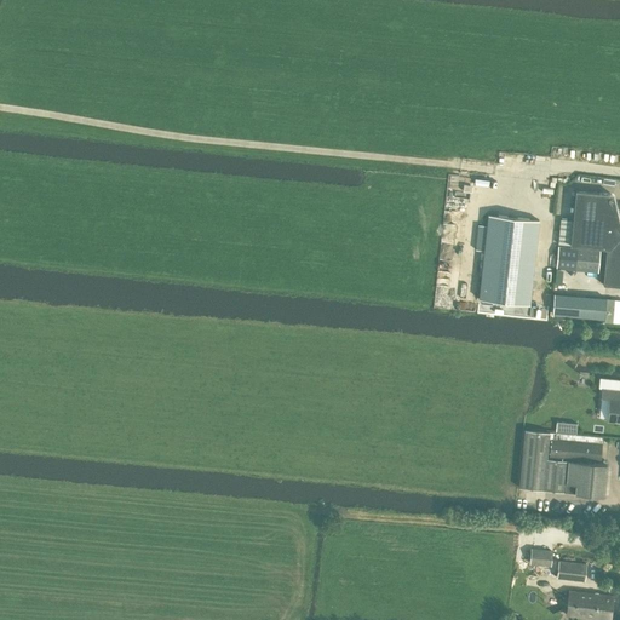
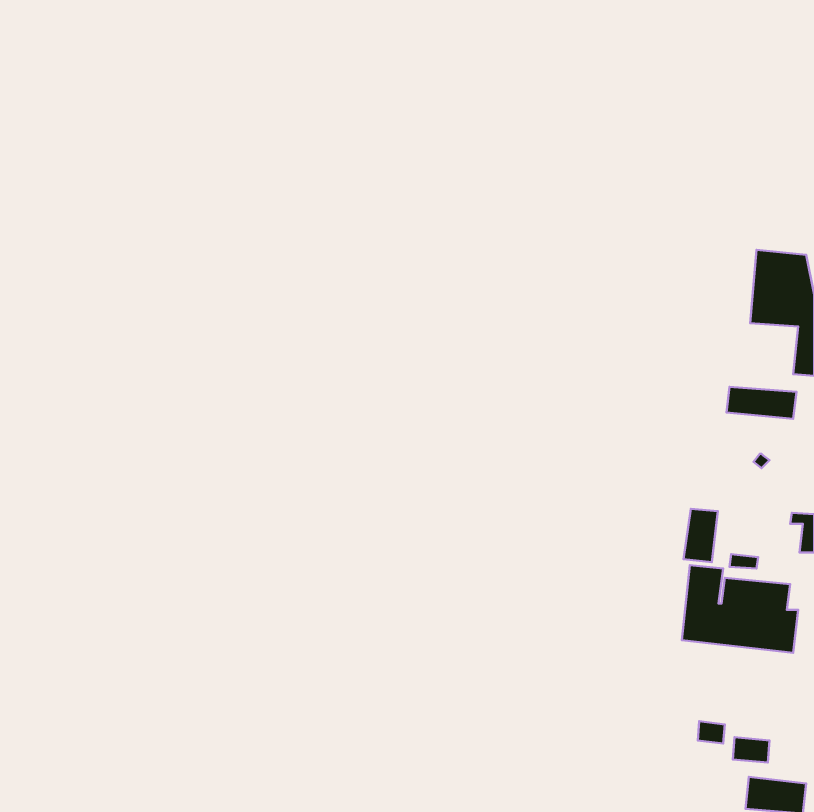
building: [475,216,539,305] -> none
building: [574,249,601,274] -> none
building: none -> [683,509,718,562]

